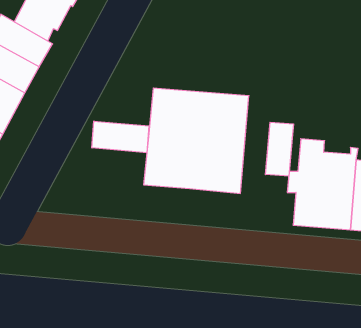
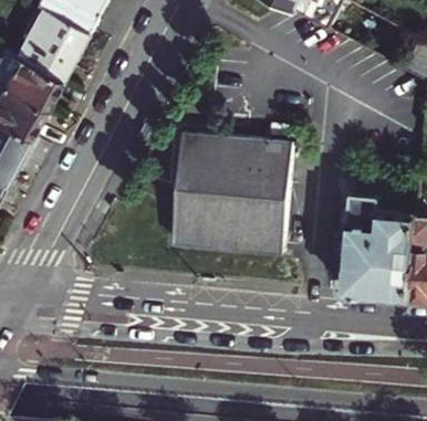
building: [92,121,149,153] -> none
building: [265,122,293,176] -> none

